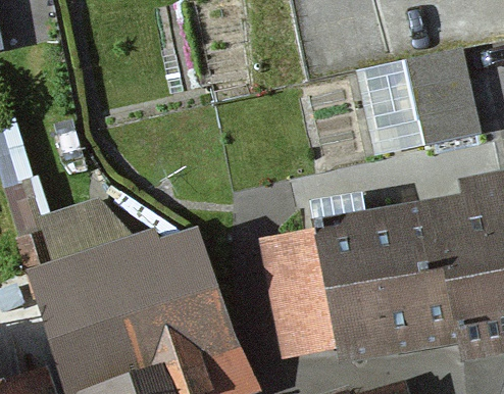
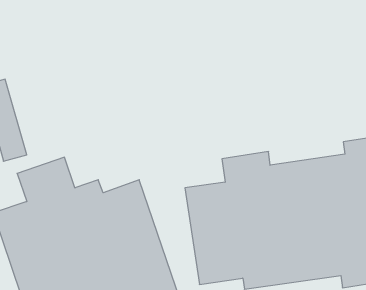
building: [355,52,480,147] -> none

